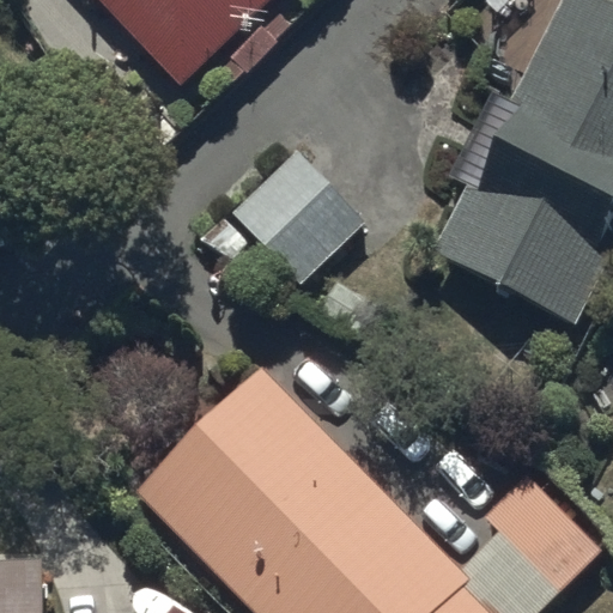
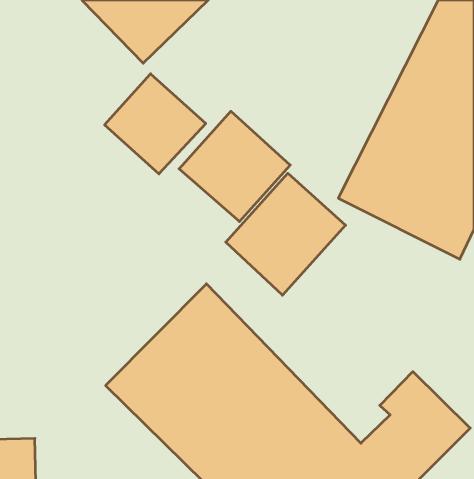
building: none -> [105,74,206,174]
building: none -> [226,173,346,295]

